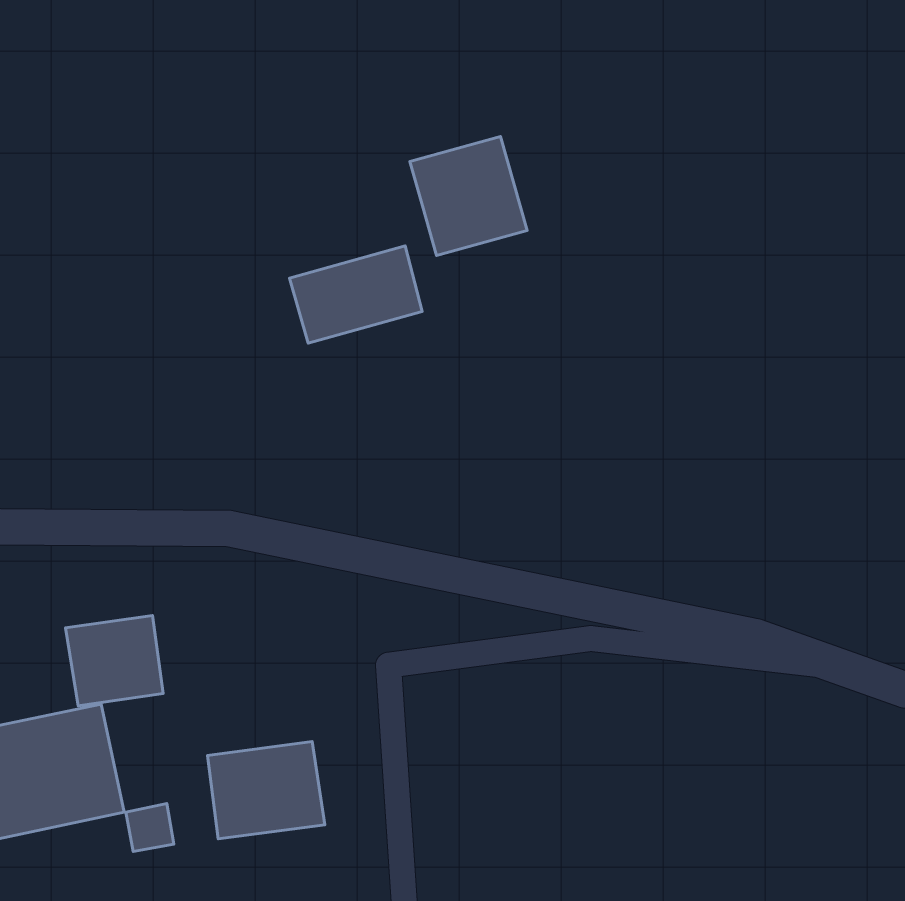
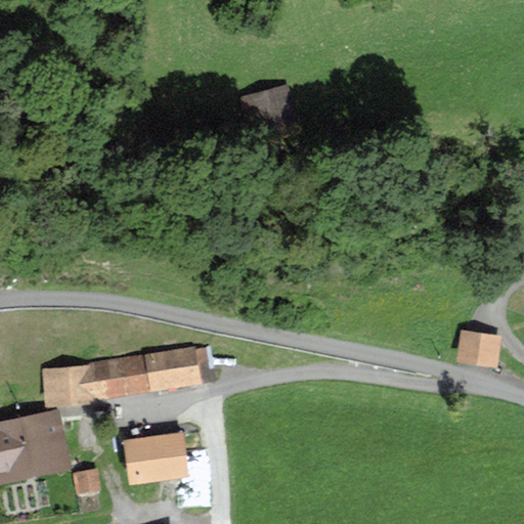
building: [289,246,422,343] -> none
building: none -> [455,329,500,366]
building: none -> [88,347,215,403]

